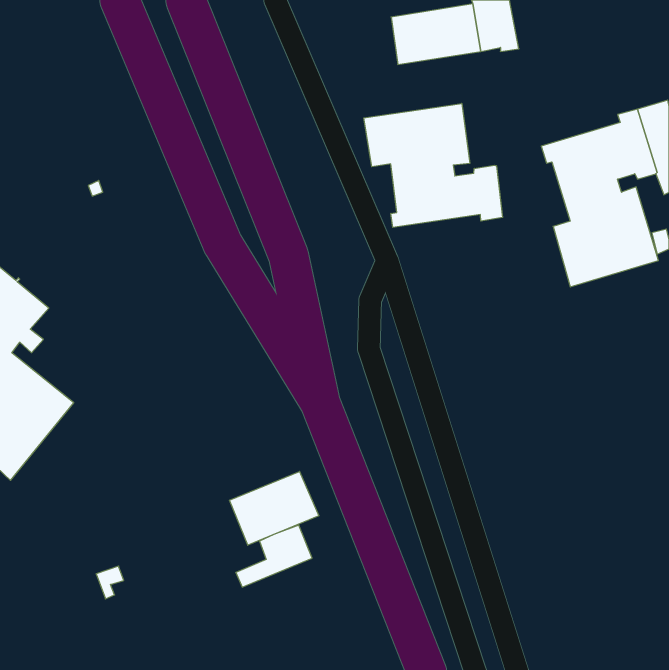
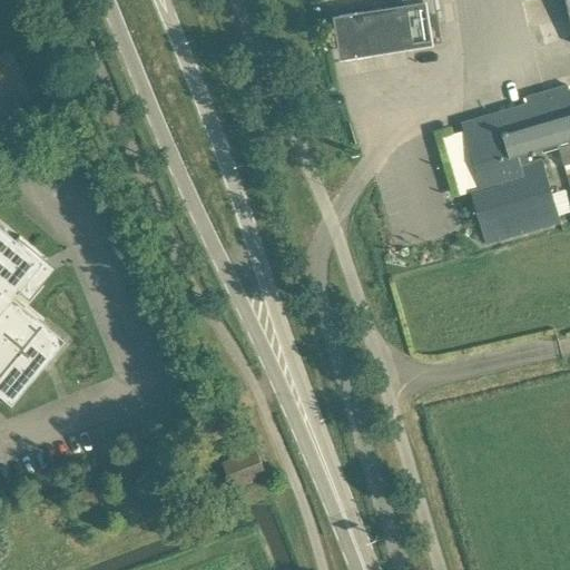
building: [364,103,503,227] -> none
building: [229,471,319,545] -> none

